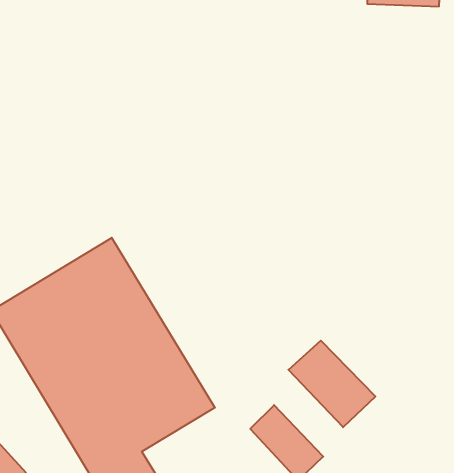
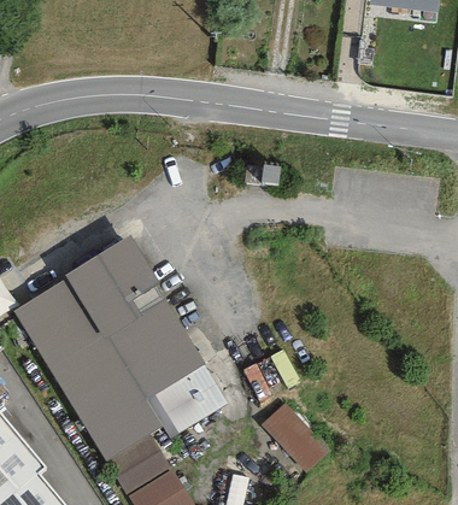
building: [288,341,375,427] -> none

